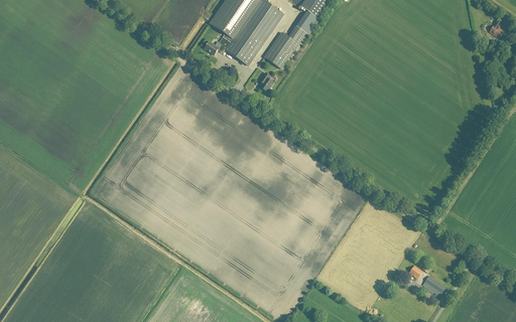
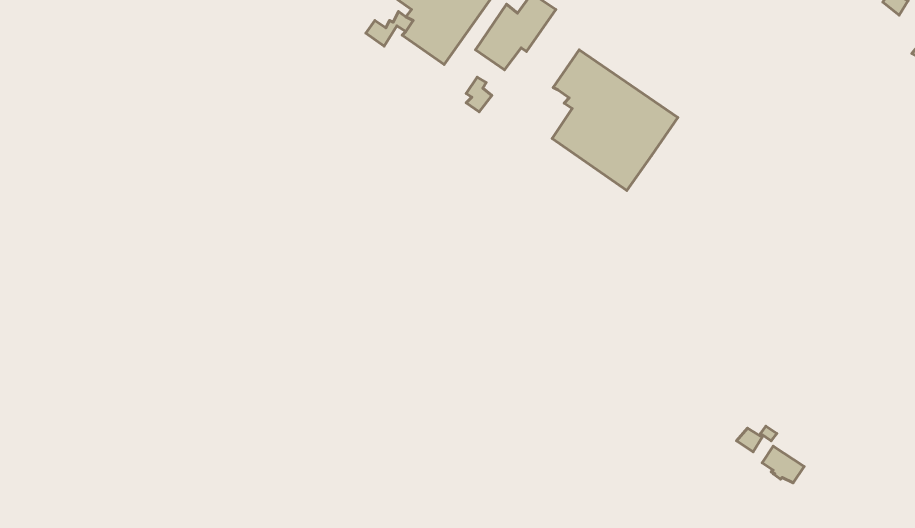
building: none -> [552,50,678,191]

